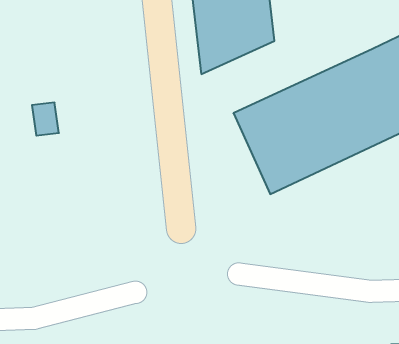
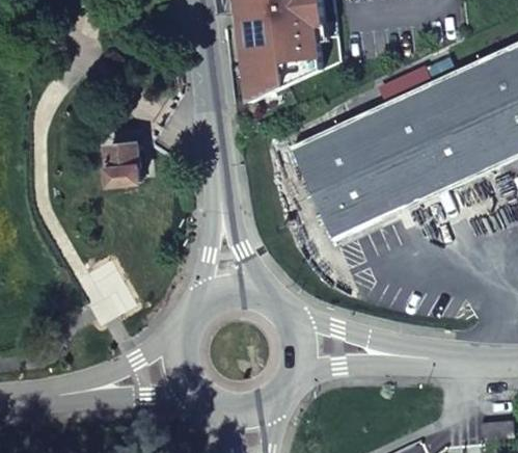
building: [32,103,59,136] -> [103,144,135,184]

